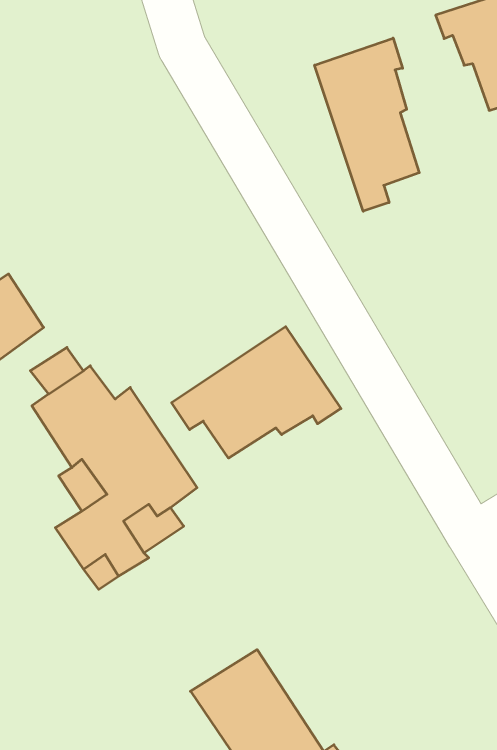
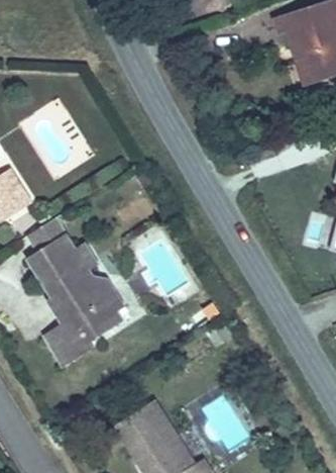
building: [315,38,419,211] -> none
building: [172,327,341,458] -> none

